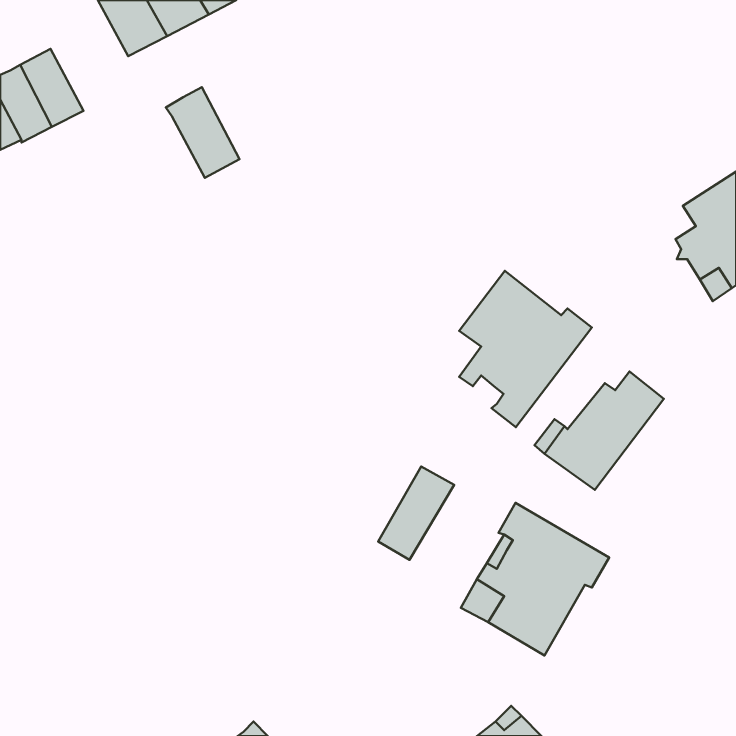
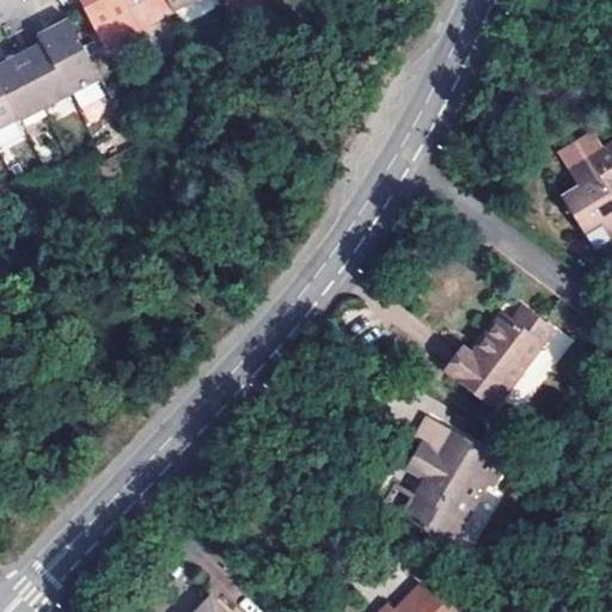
building: [166,87,239,178] -> [37,17,98,92]
building: [459,271,592,427] -> none
building: [378,467,454,560] -> none

